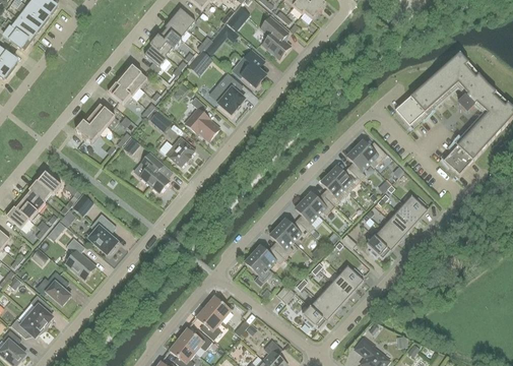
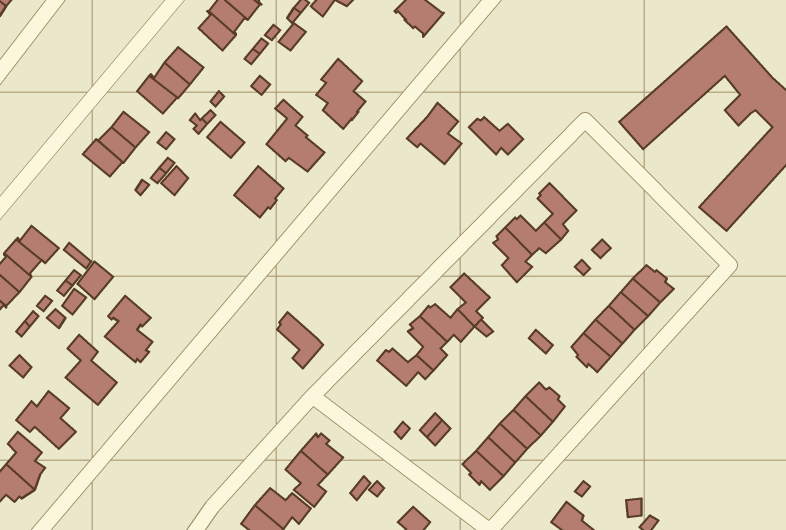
building: [233,50,265,86] -> [407,103,461,164]
building: [354,140,386,163] -> [469,117,523,155]
building: [139,152,170,192] -> none
building: [303,192,334,215] -> none
building: [245,252,272,286] -> [277,312,323,369]

